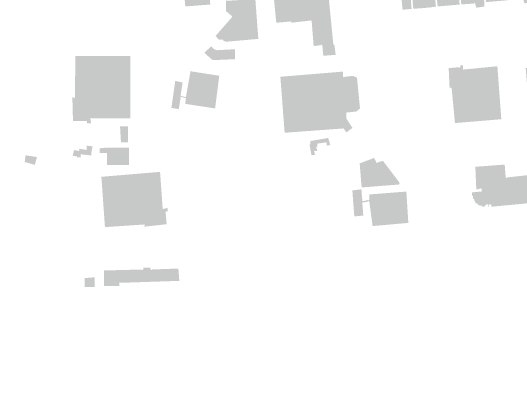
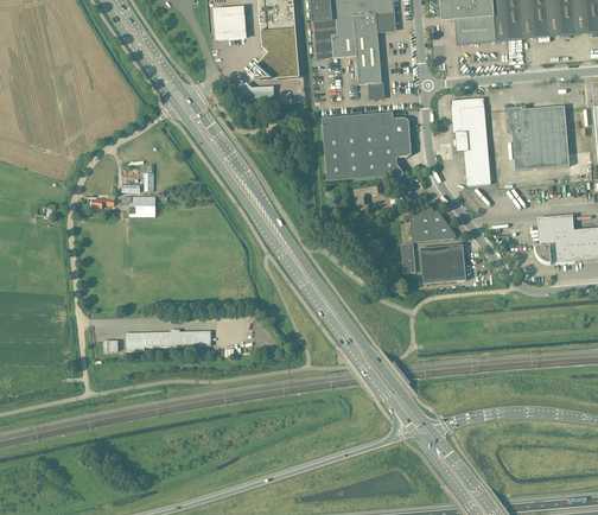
building: [72,55,131,124] -> none
building: none -> [452,100,490,185]
building: [171,71,220,110] -> none
building: [101,171,169,228] -> none

